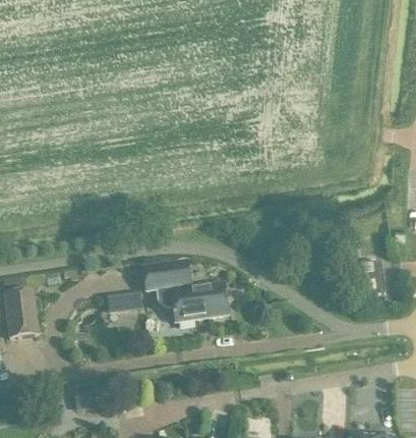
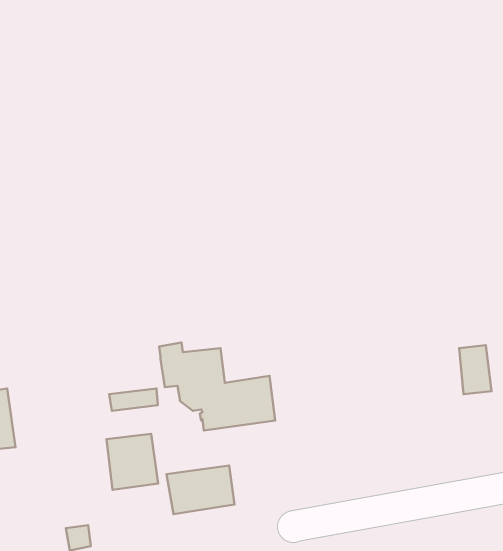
building: none -> [106,434,158,490]
building: none -> [167,466,234,514]

